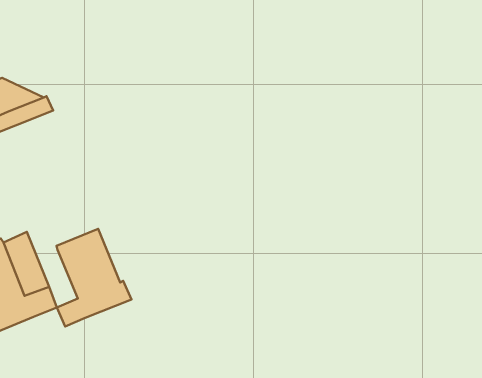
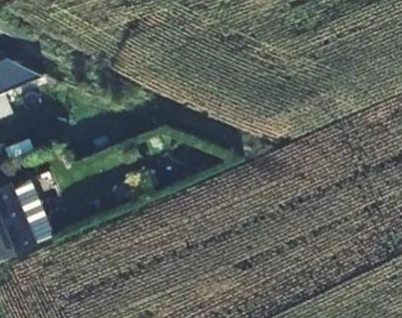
building: [57,229,131,326] -> none

